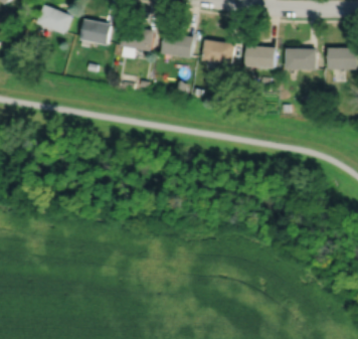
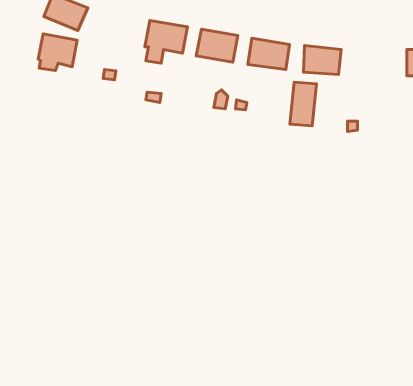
building: [78,19,110,48] -> [38,34,77,71]
building: [286,48,317,69] -> none
building: none -> [290,82,316,126]

